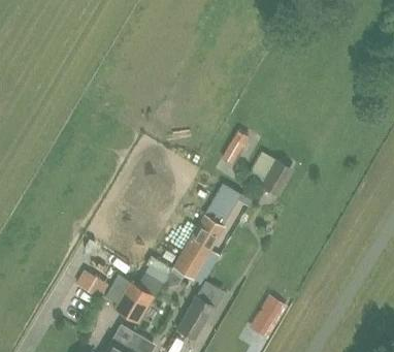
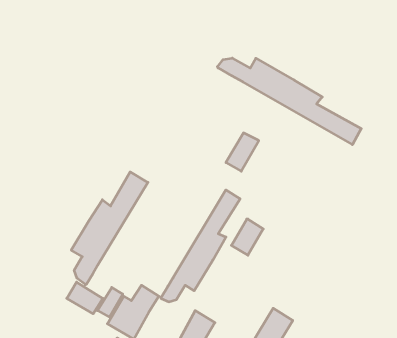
building: none -> [217,58,361,145]
building: [260,160,290,194] -> [231,219,263,255]
building: none -> [71,172,148,285]

